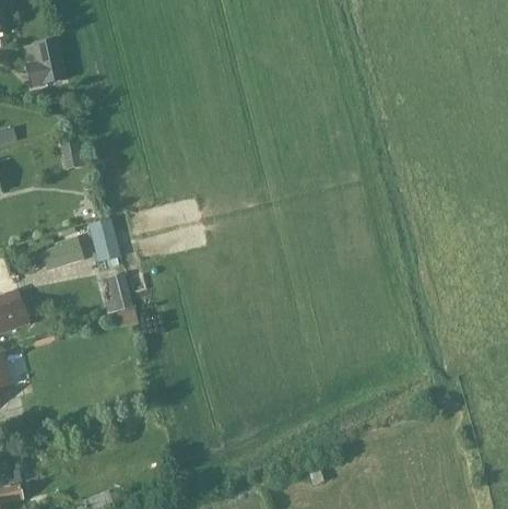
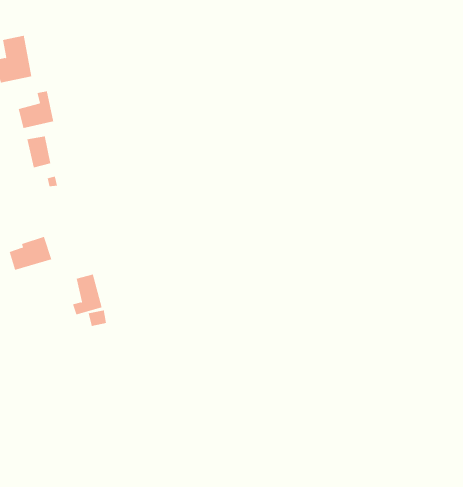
building: none -> [18,91,54,129]
building: [87,216,119,260] -> none

